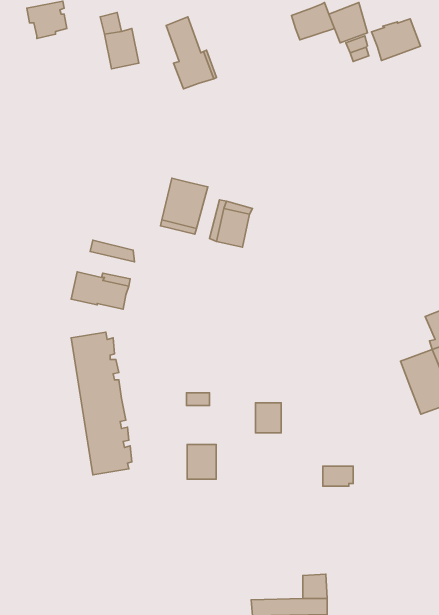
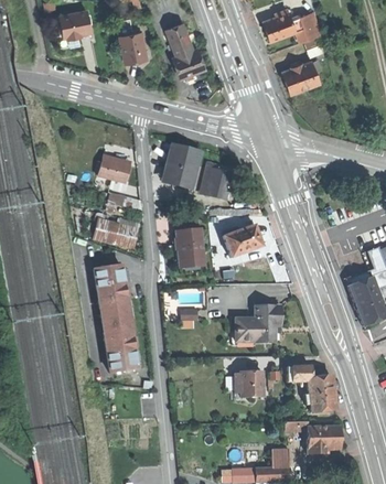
building: [371,19,420,61] -> [282,61,320,93]
building: none -> [99,154,130,182]
building: none -> [224,225,262,257]
building: none -> [176,229,203,261]
building: none -> [256,305,281,342]
building: [187,445,216,479] -> [242,370,264,397]
building: none -> [308,376,336,412]
building: none -> [285,421,341,453]

